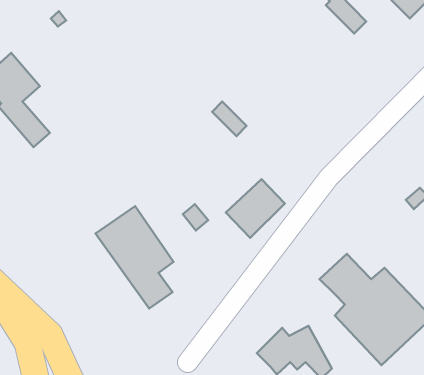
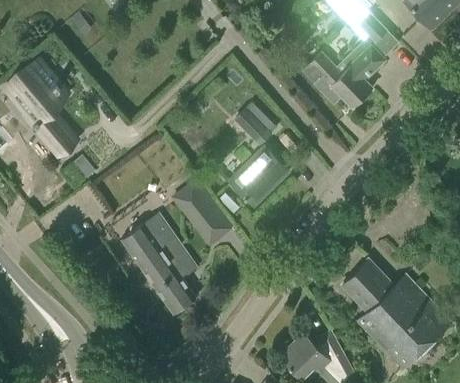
building: none -> [302,46,385,109]
building: none -> [184,183,219,227]
building: [226,179,285,238] -> [230,149,288,207]

